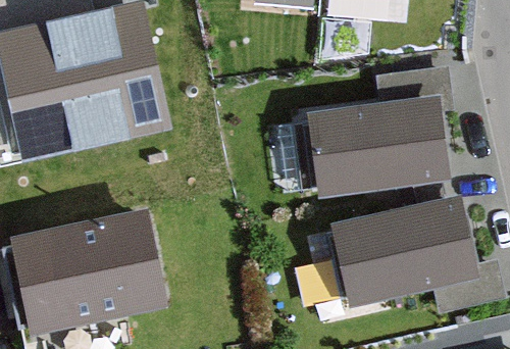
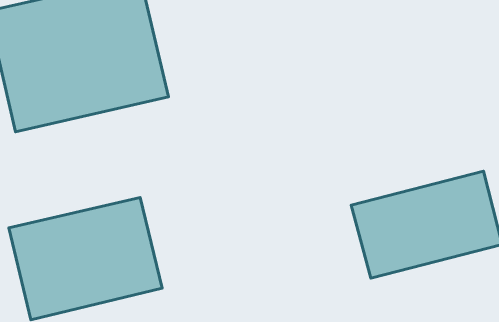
building: [304,105,426,194] -> none

